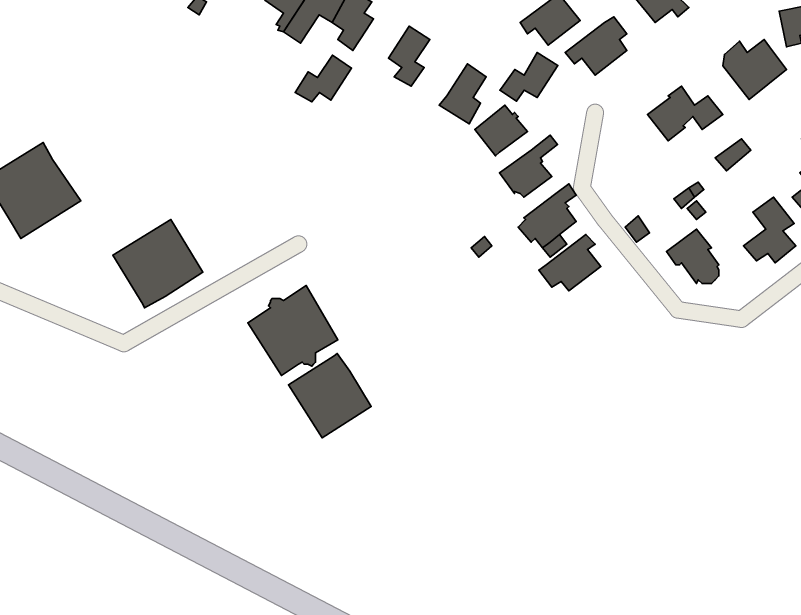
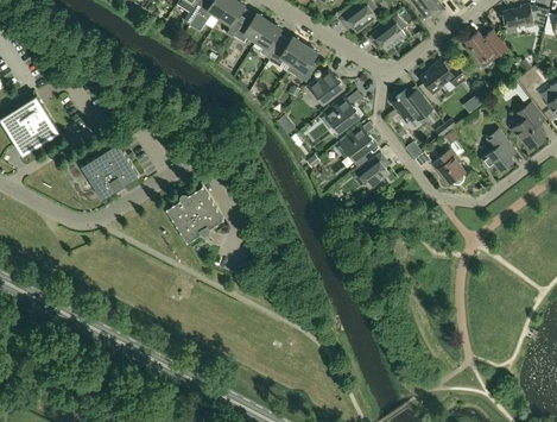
building: [500,52,558,101] -> [268,37,305,68]
building: [295,55,351,102] -> [233,13,268,43]
building: none -> [393,89,432,124]
building: [288,353,371,438] -> none

